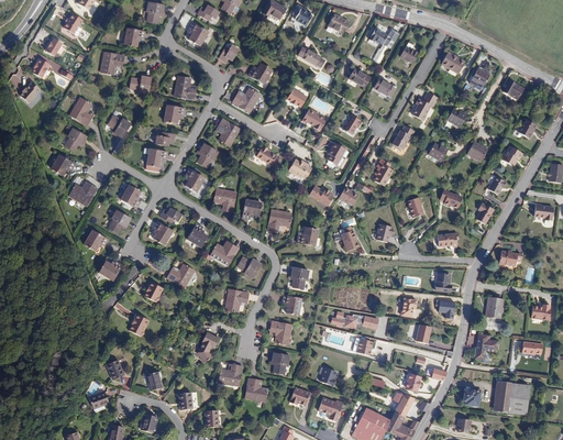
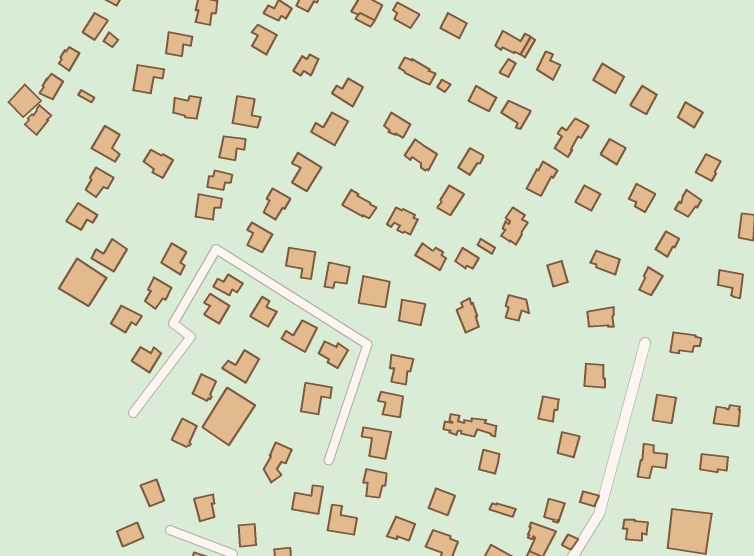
building: none -> [59,258,107,306]
building: none -> [203,388,255,445]

